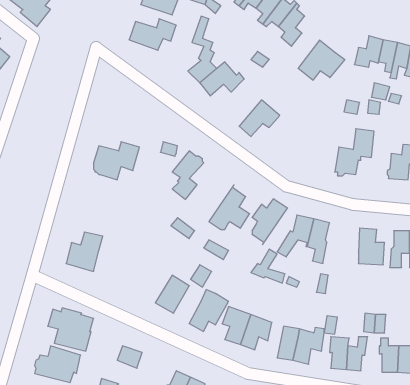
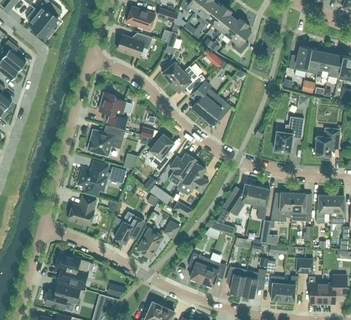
building: [298,40,345,80] -> none
building: none -> [189,81,217,115]
building: none -> [98,92,127,128]
building: none -> [77,161,126,195]
building: [252,199,288,245] -> [169,153,196,188]
building: none -> [270,192,292,222]
building: [189,290,228,331] -> [114,212,144,244]

